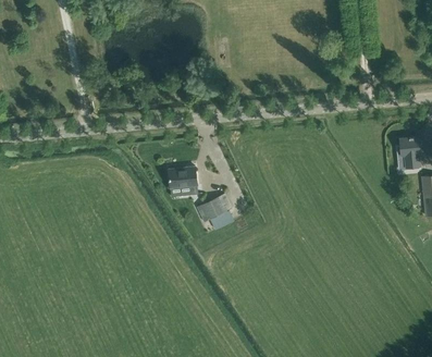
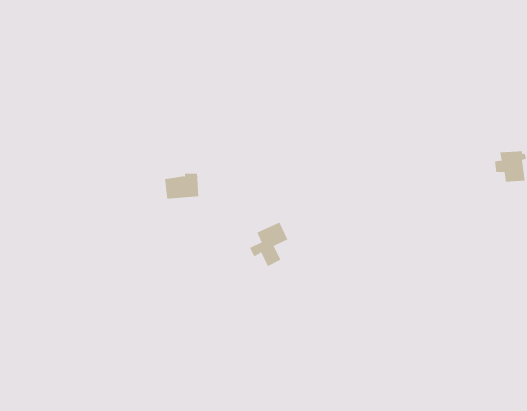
building: [168,167,196,187] -> [164,173,199,199]

